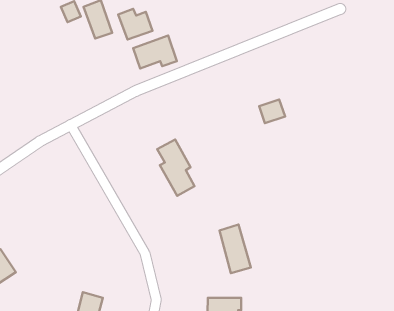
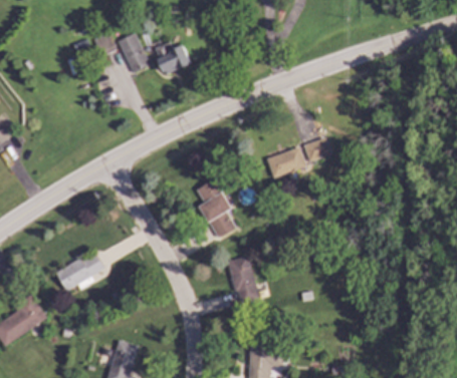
building: [133,36,177,69] -> none
building: none -> [266,147,305,178]
building: none -> [56,254,103,291]
building: [219,225,251,273] -> [227,256,260,307]

